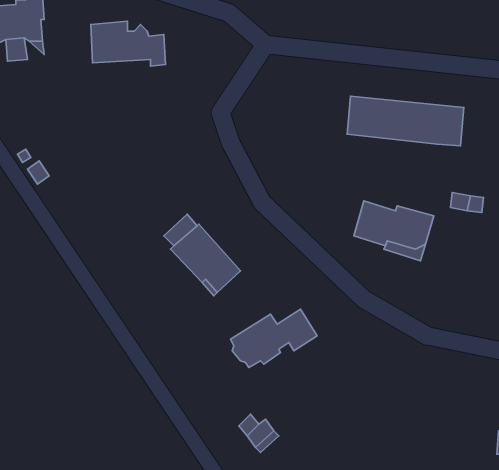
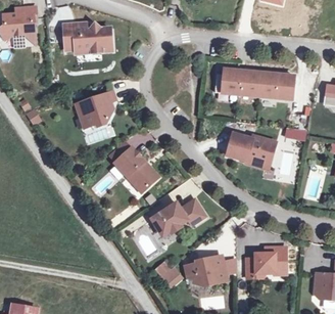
building: none -> [76,90,114,126]
building: none -> [245,246,285,277]
building: none -> [184,255,226,284]

